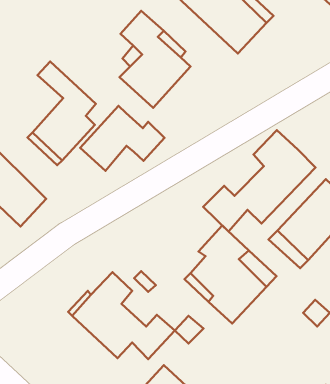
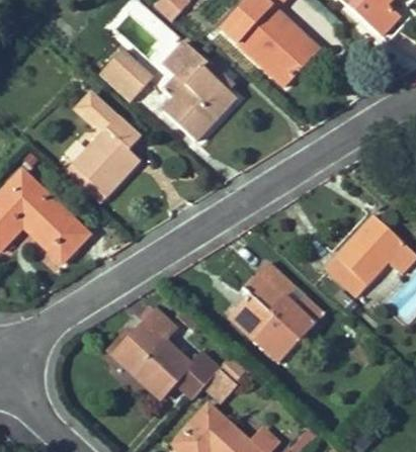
building: none -> [100,51,152,101]
building: [80,106,165,171] -> none
building: [203,130,316,231] -> none

